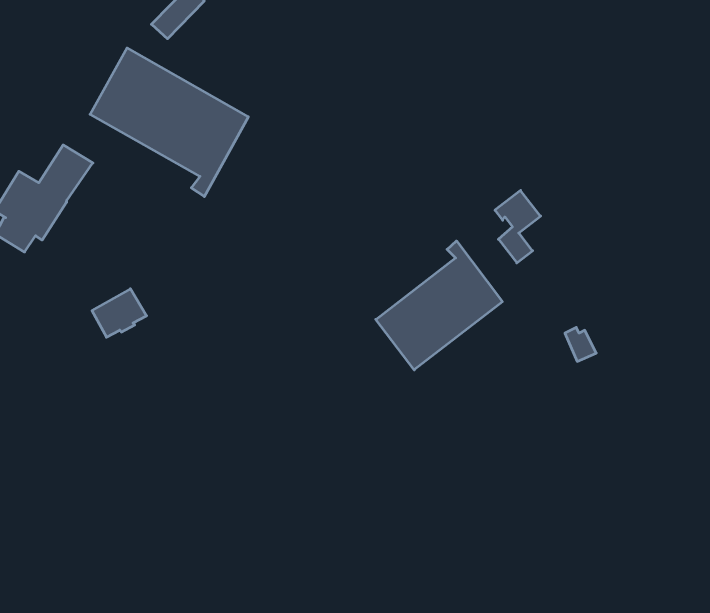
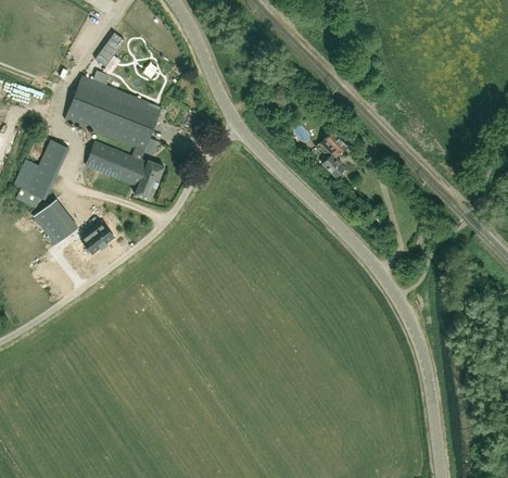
building: none -> [86,141,163,199]
building: [376,241,502,370] -> none
building: none -> [34,199,77,244]

